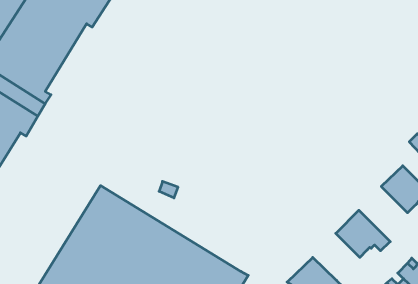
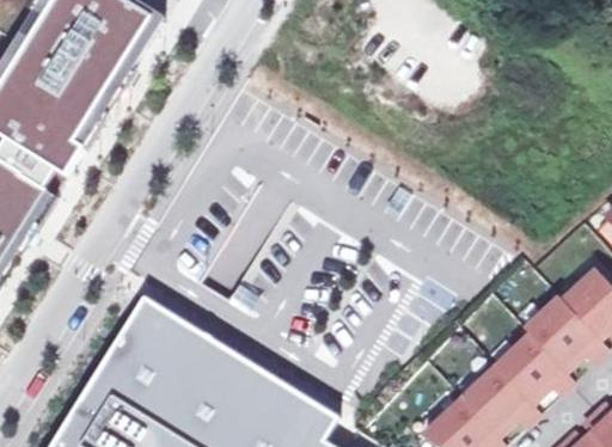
building: none -> [515,294,599,367]
building: none -> [453,366,532,434]

